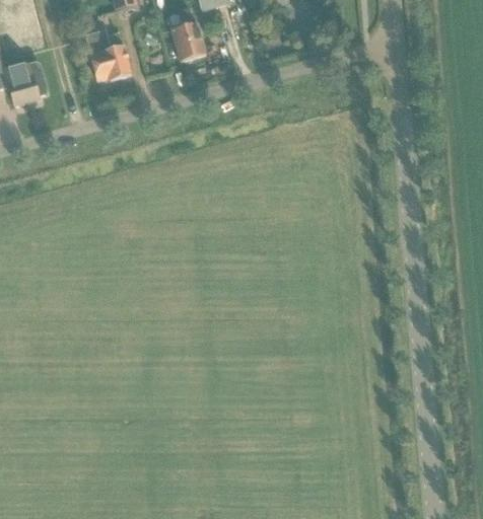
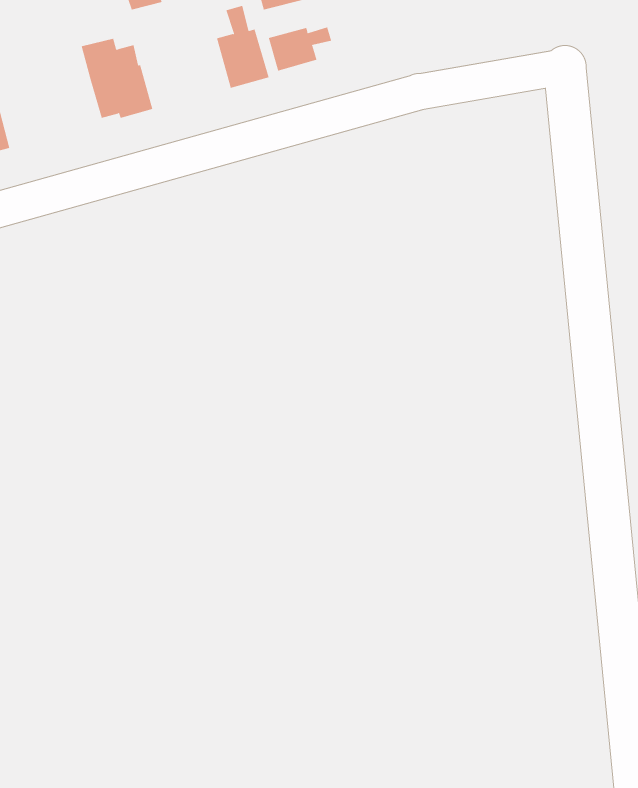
building: none -> [268,26,332,71]

